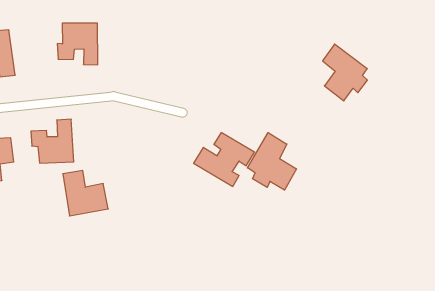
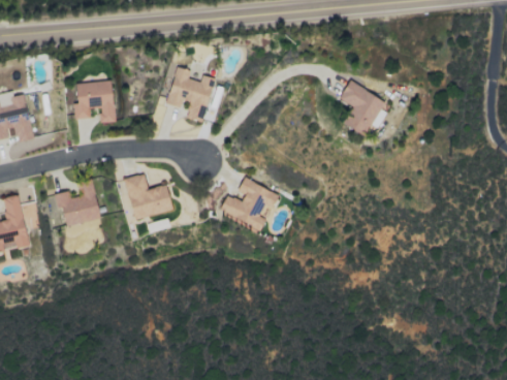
building: none -> [165,67,214,122]
building: [247,133,296,190] -> none
building: [63,170,108,216] -> [124,173,172,220]

